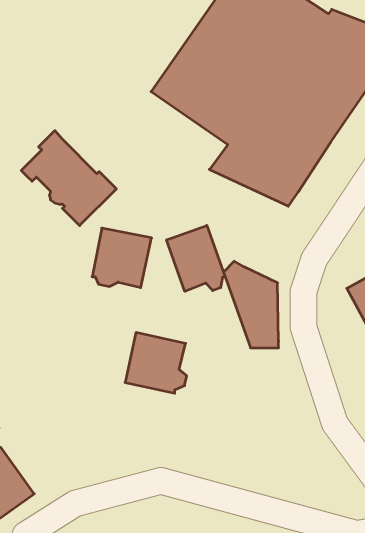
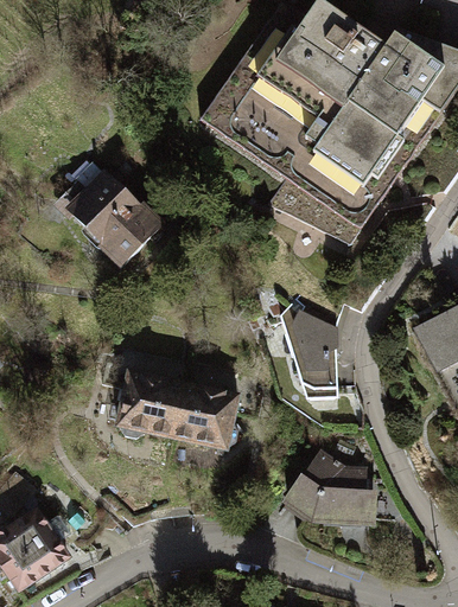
building: [167,225,225,291] -> none
building: [92,228,152,288] -> [116,371,182,436]
building: none -> [284,452,379,528]

